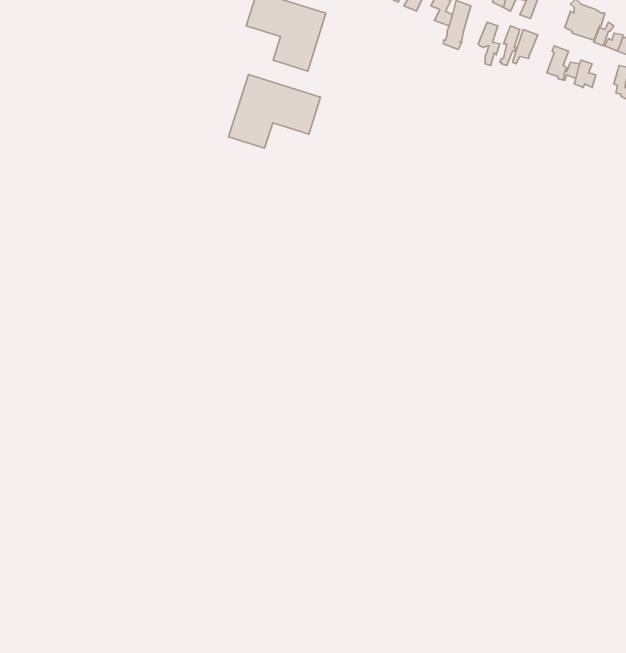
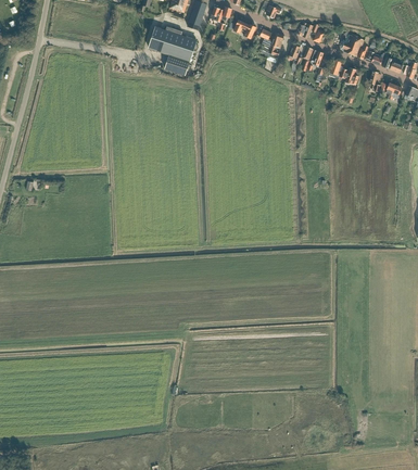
building: [229,74,320,148] -> none

